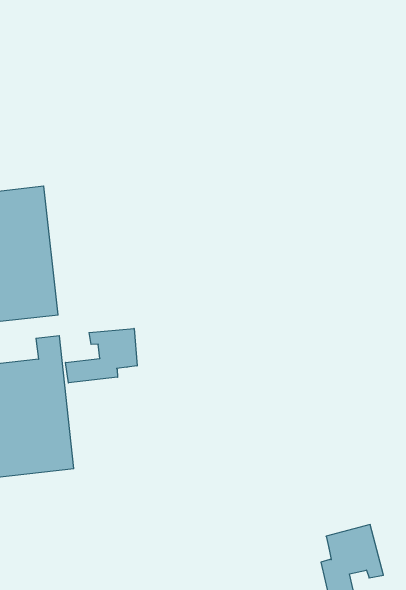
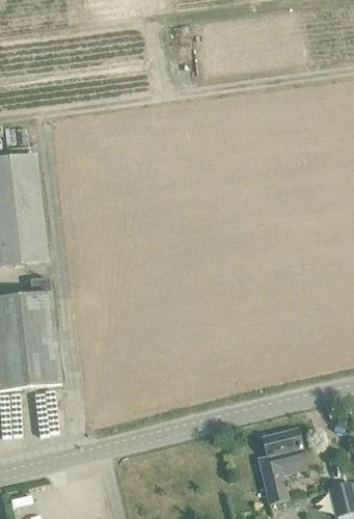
building: [66,328,137,383] -> none

